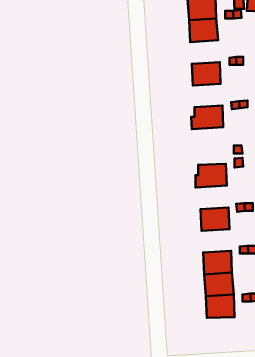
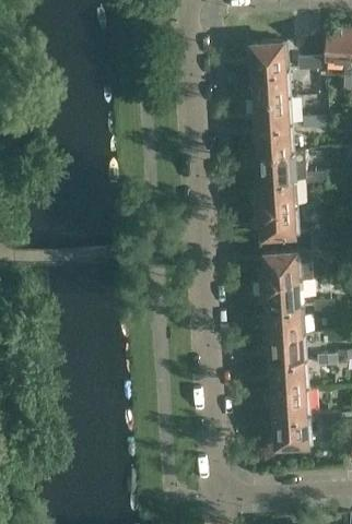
building: none -> [254,97,291,127]
building: none -> [257,152,294,181]
building: none -> [256,206,297,237]
building: none -> [260,279,302,309]
building: none -> [268,334,305,364]

